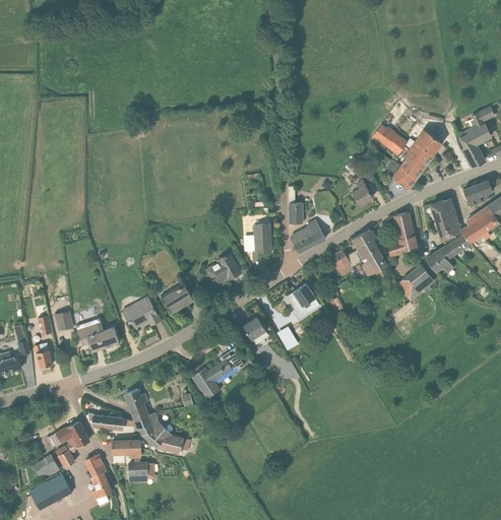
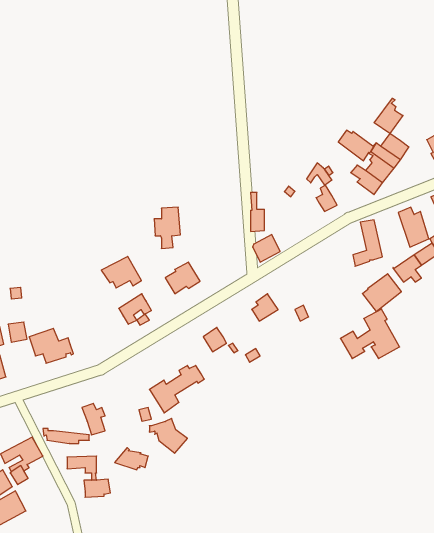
building: none -> [374,98,403,134]
building: [246,223,271,263] -> [154,207,180,248]
building: [330,229,387,276] -> [340,309,400,359]
building: [121,297,160,327] -> [101,256,141,288]
building: [133,412,170,446] -> [149,418,187,453]
building: [86,454,111,499] -> none

